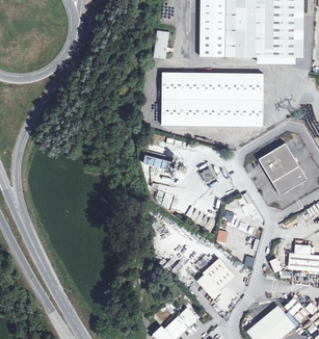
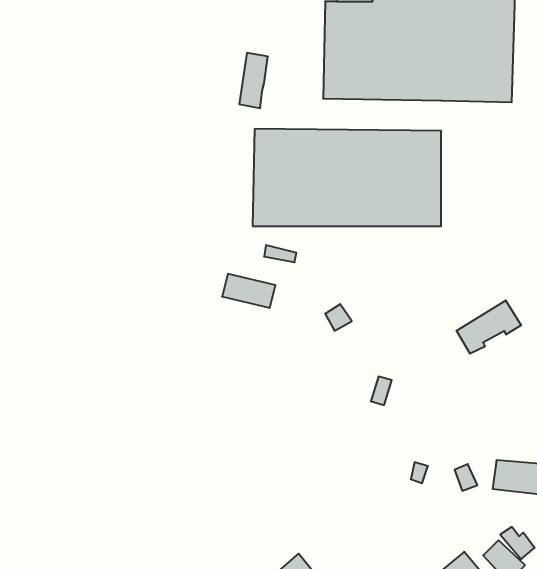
building: [259,142,299,182] -> none
building: [195,256,233,295] -> none

